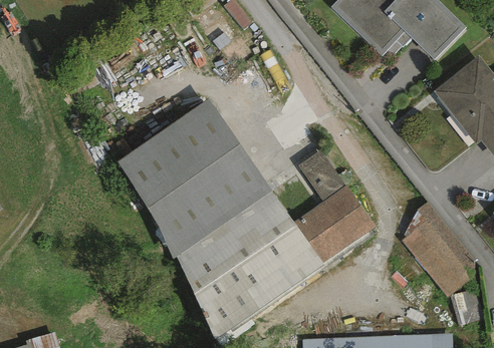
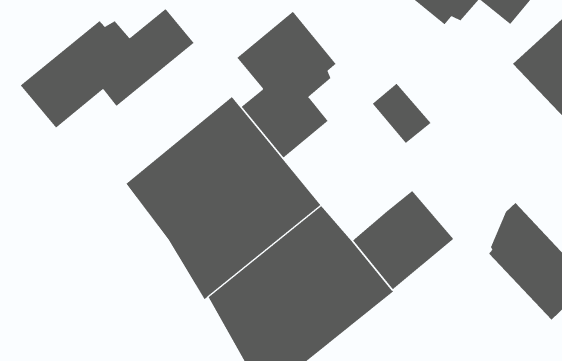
building: none -> [20,8,194,128]
building: none -> [237,11,336,159]
building: [299,150,345,200] -> [372,83,431,144]

